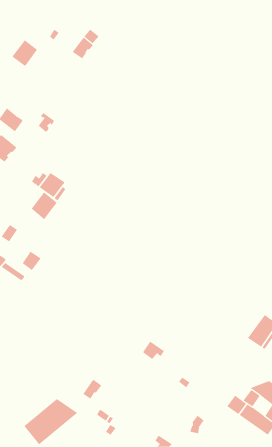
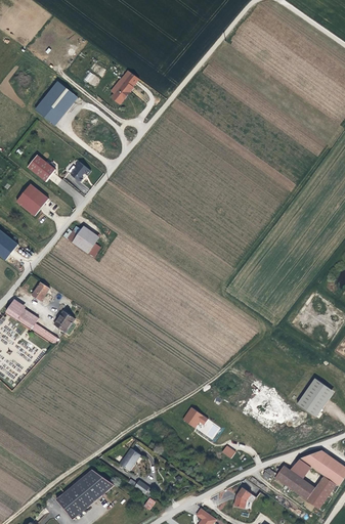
building: none -> [35,93,77,126]
building: [31,191,57,220] -> none

